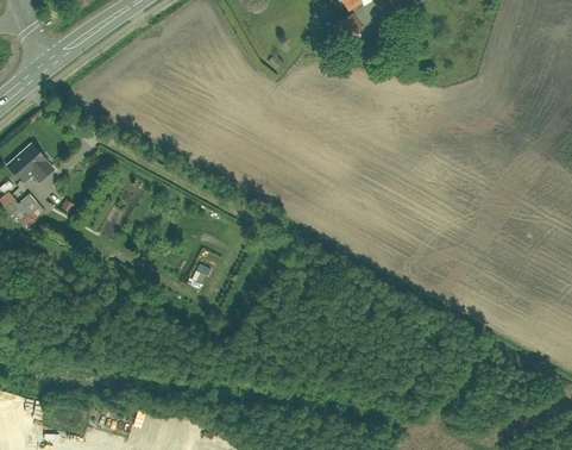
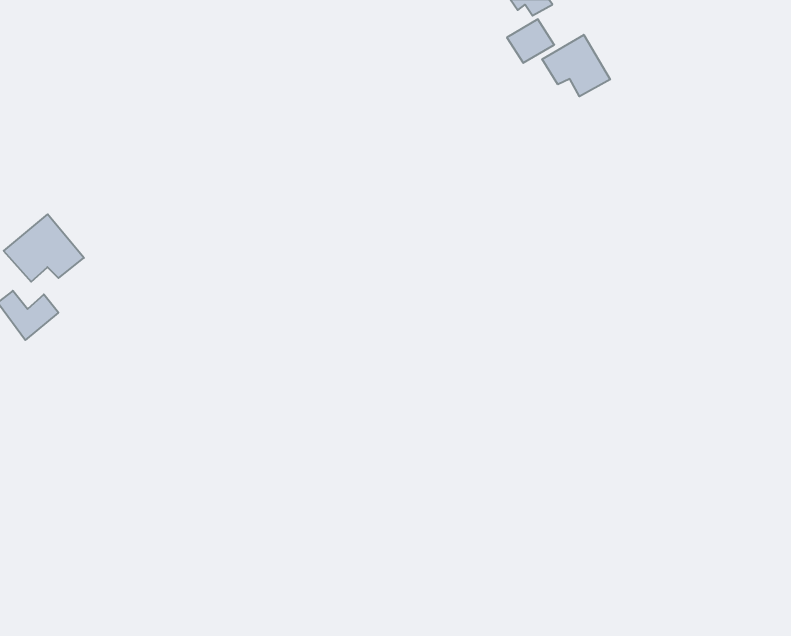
building: none -> [542,35,610,96]

